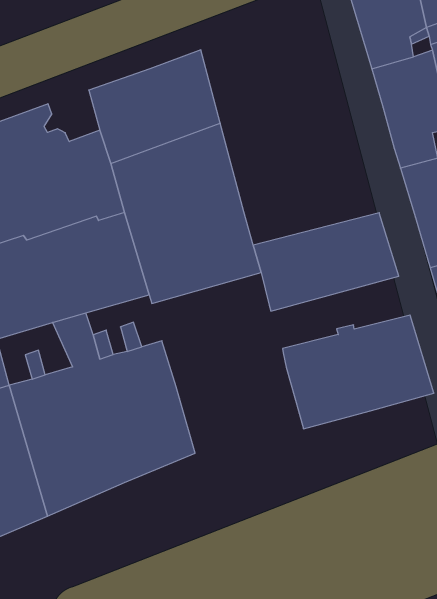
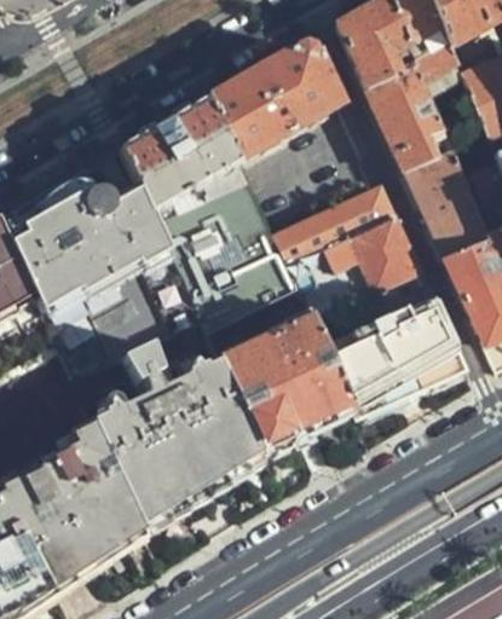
building: none -> [210,47,336,156]
building: none -> [272,183,392,259]
building: none -> [219,310,351,451]

